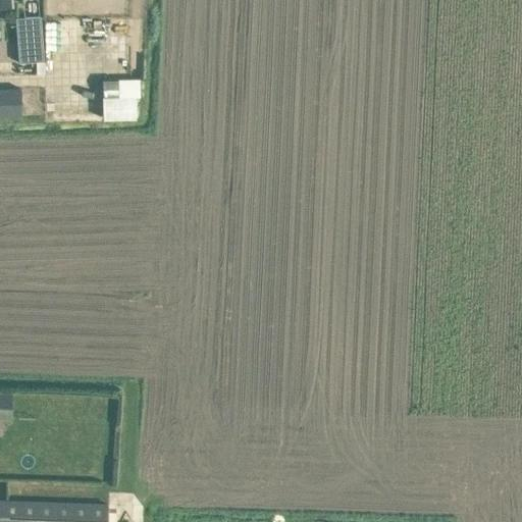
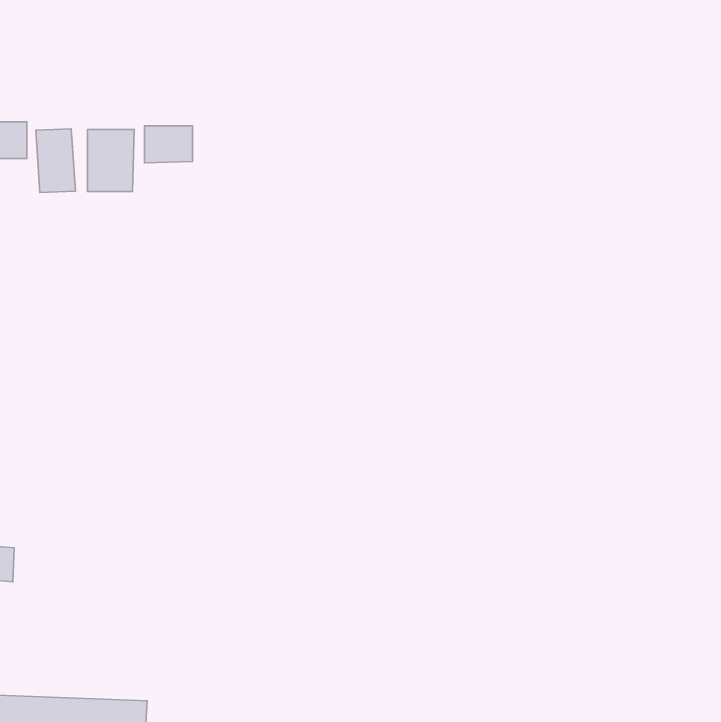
building: [16,14,45,60] -> [36,129,75,192]
building: none -> [88,130,134,192]

